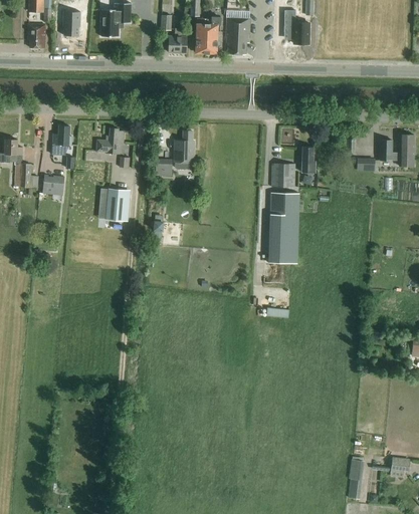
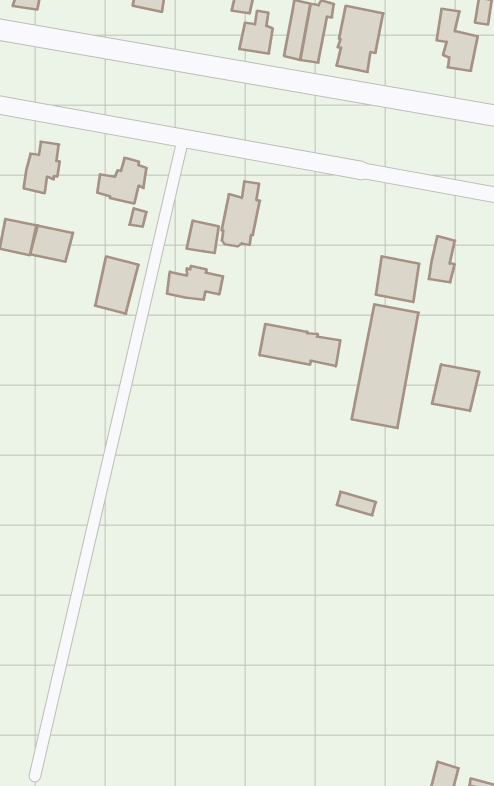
building: none -> [30,225,73,262]
building: none -> [167,266,223,300]
building: none -> [260,324,340,366]
building: none -> [432,364,479,411]

